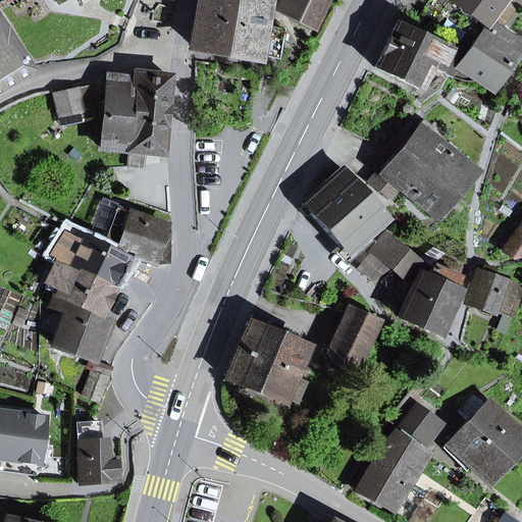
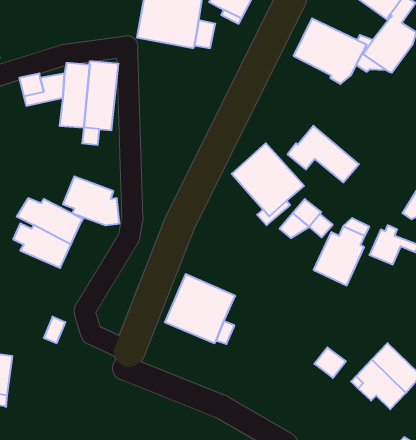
building: [400,119,472,193] -> none
building: [52,294,110,359] -> none
building: [327,305,380,370] -> none
building: [77,422,117,483] -> none
building: [356,431,427,509] -> none

